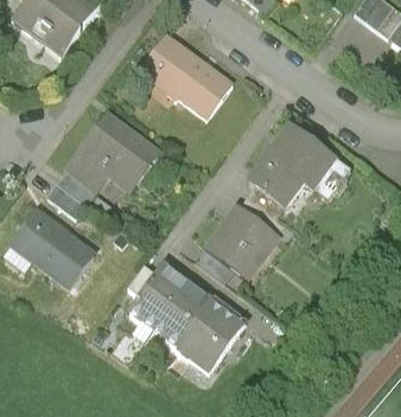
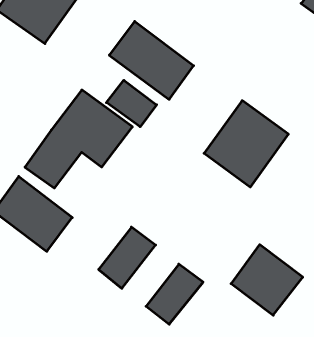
building: none -> [106,80,157,127]
building: [203,203,284,282] -> [231,245,303,315]
building: [152,282,216,351] -> none

